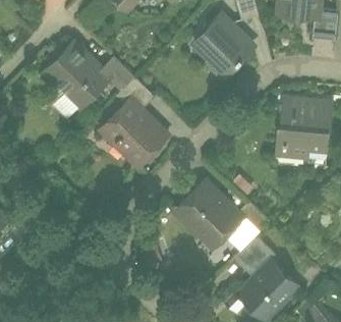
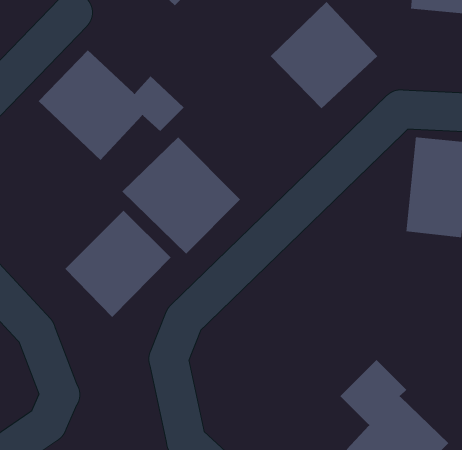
building: none -> [65,210,171,318]
building: [170,175,246,253] -> none

